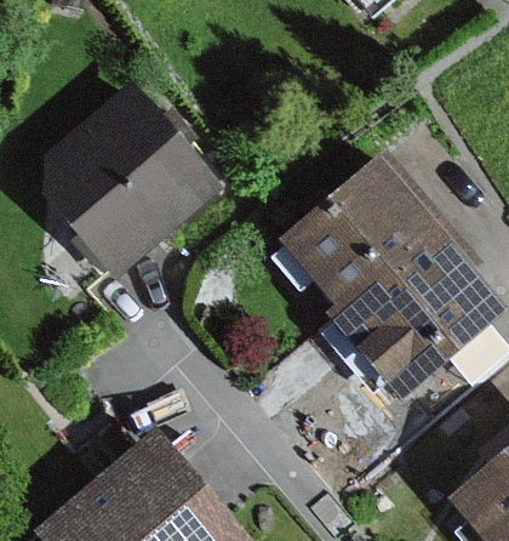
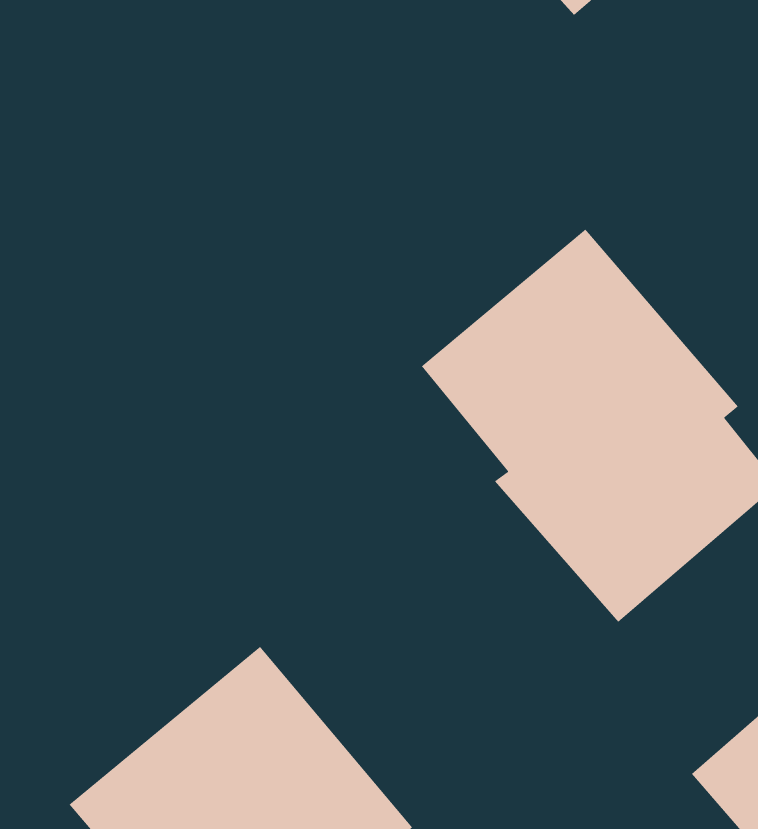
building: [38,82,219,280] -> none

